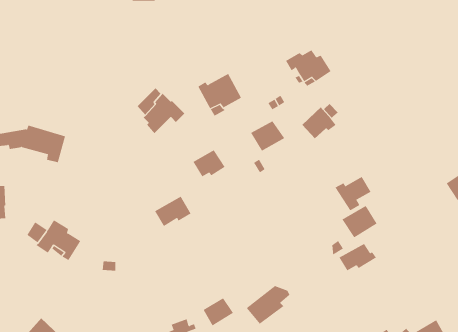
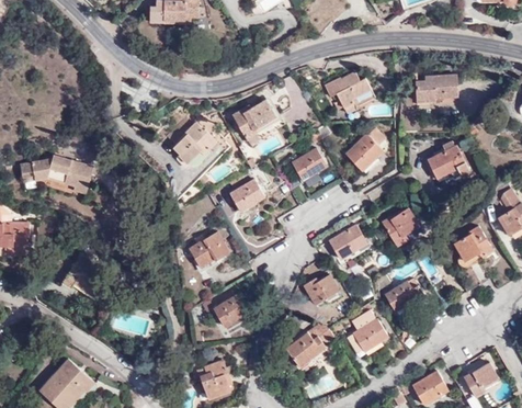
building: none -> [418,76,458,102]
building: none -> [428,144,469,179]
building: none -> [454,228,492,263]
building: [342,205,378,238] -> [329,224,367,259]
building: none -> [305,275,340,305]
building: none -> [352,313,388,353]
building: [203,297,234,326] -> [215,296,248,327]

